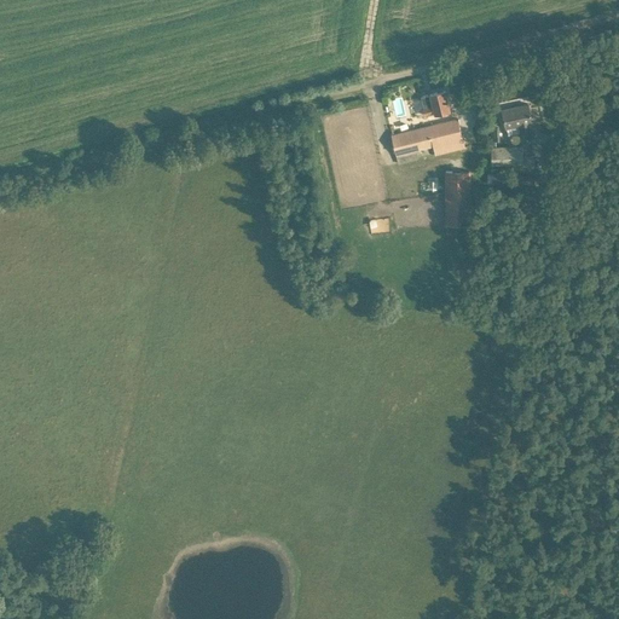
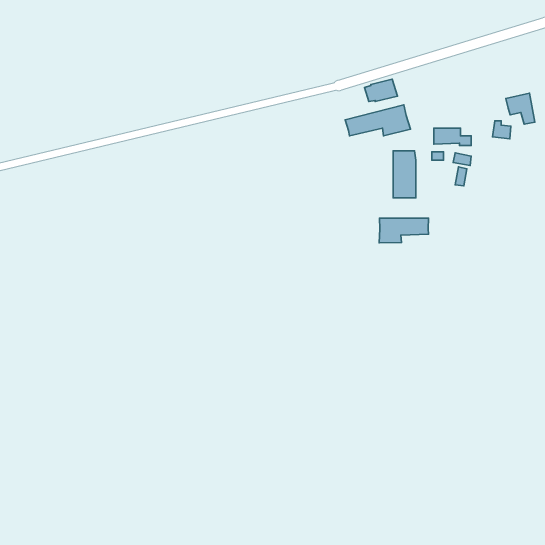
building: [501,104,533,139] -> [506,93,535,124]
building: none -> [379,218,429,243]

